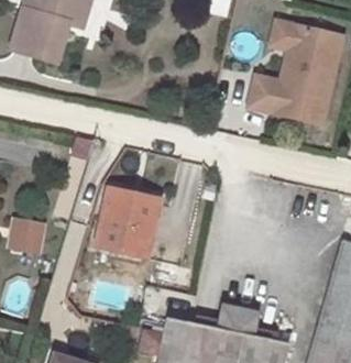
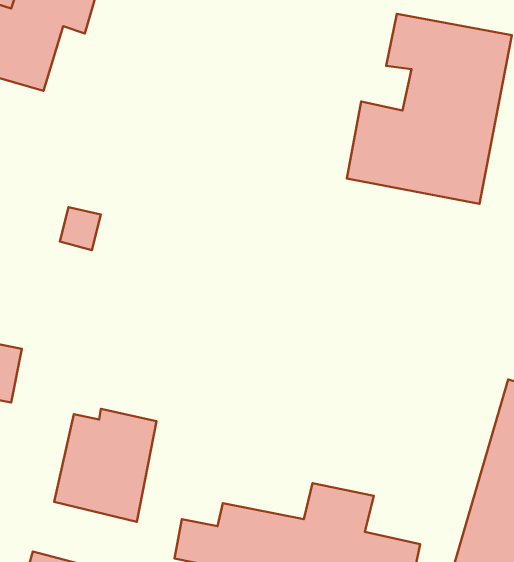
building: [96,188,158,257] -> [54,409,156,522]

